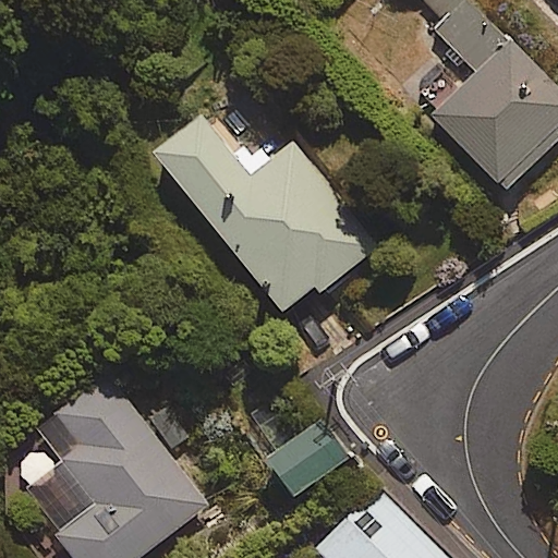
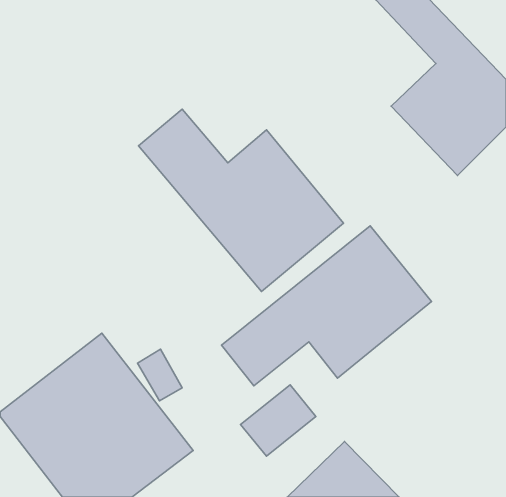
building: none -> [221,226,432,386]

